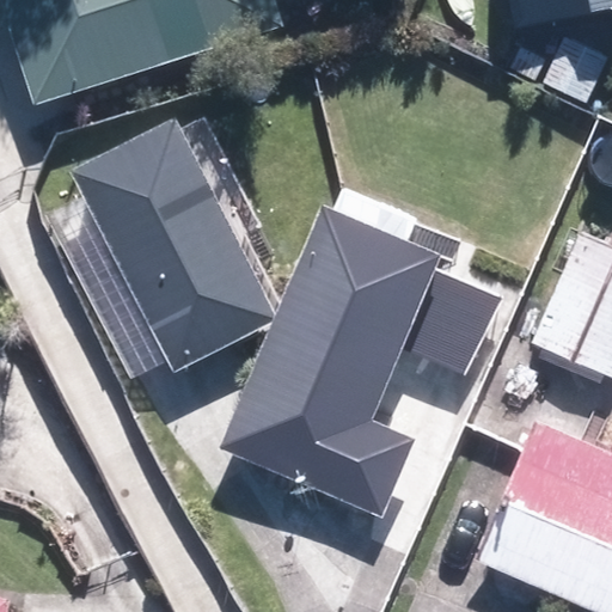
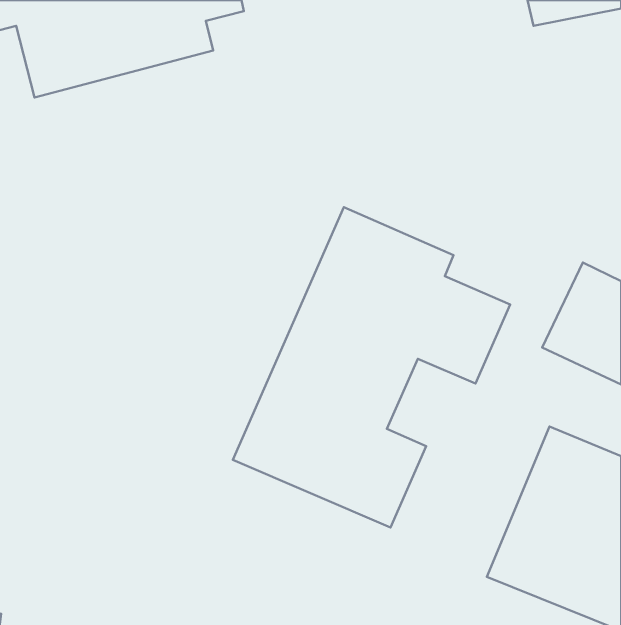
building: [71,117,277,369] -> none

